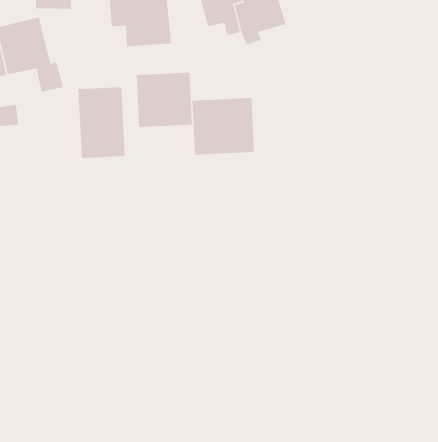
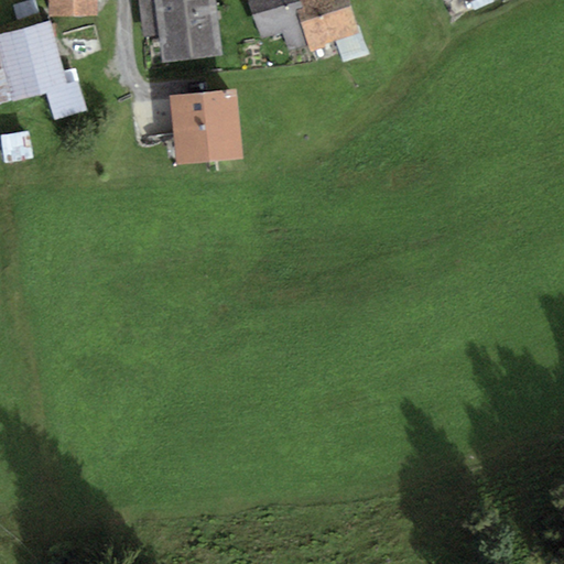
building: [78,87,125,159] -> none
building: [192,97,255,156] -> none

